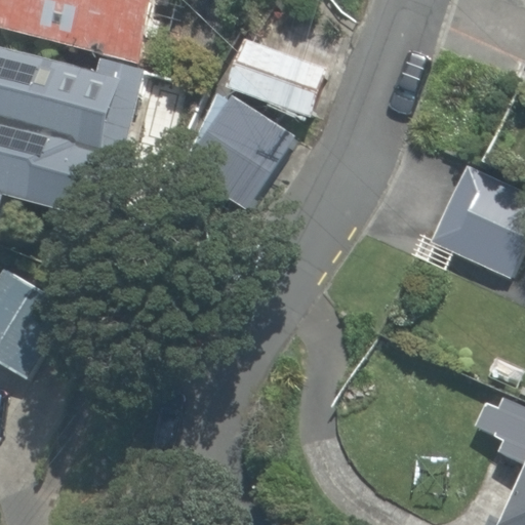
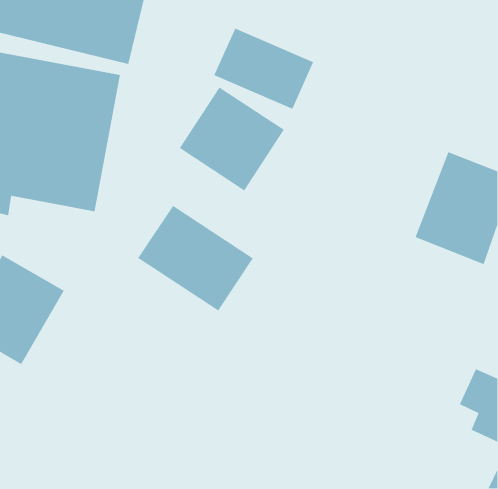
building: none -> [137,205,254,311]

